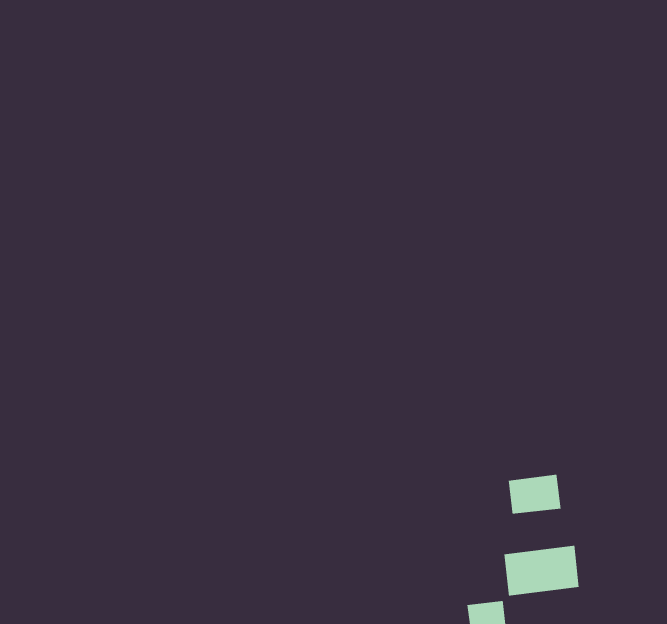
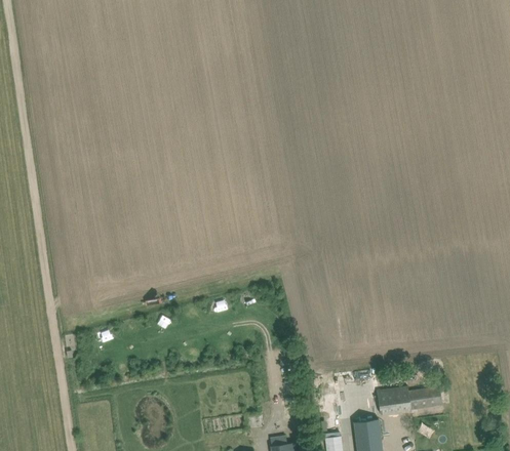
building: [508,474,561,514] -> none

